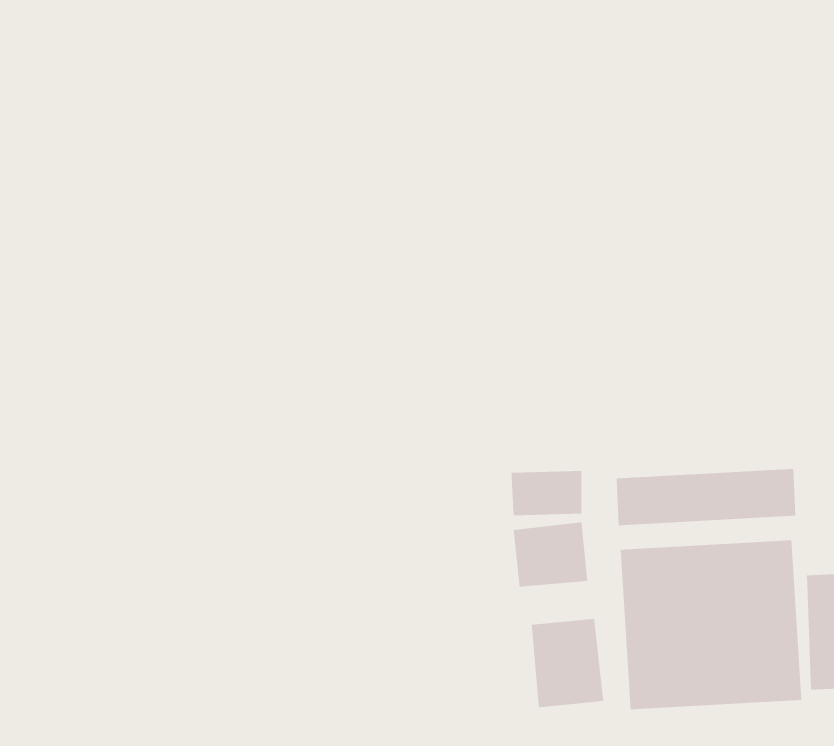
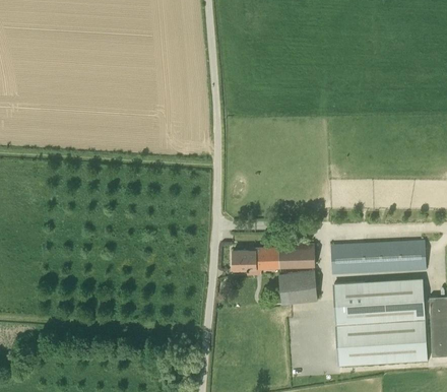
building: none -> [232,248,278,269]
building: [531,618,604,708] -> none

